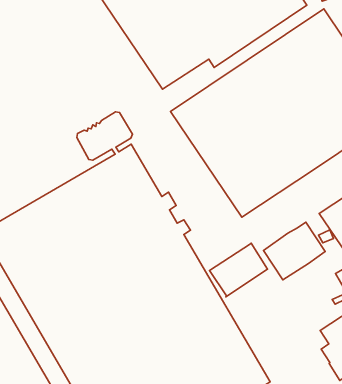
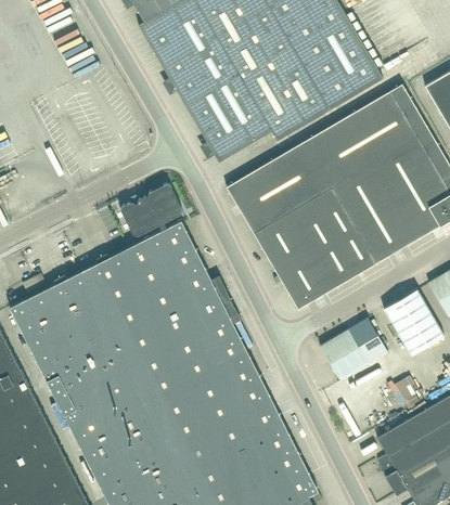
building: [210,243,267,297] -> none

